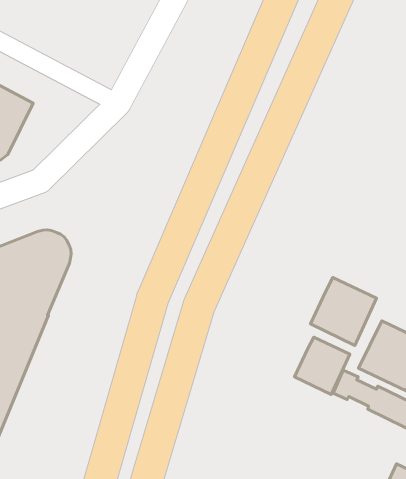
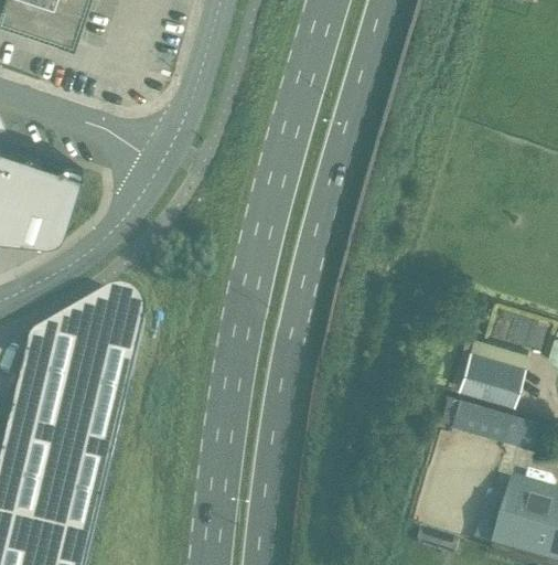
building: [310,277,377,345] -> none
building: [295,337,350,395] -> none

